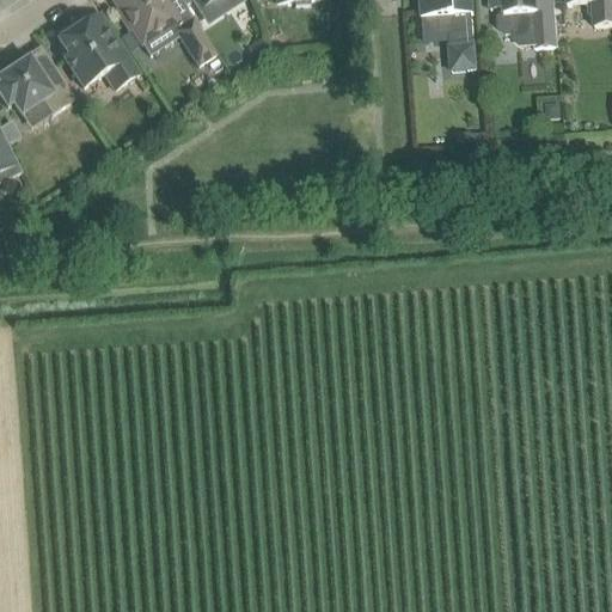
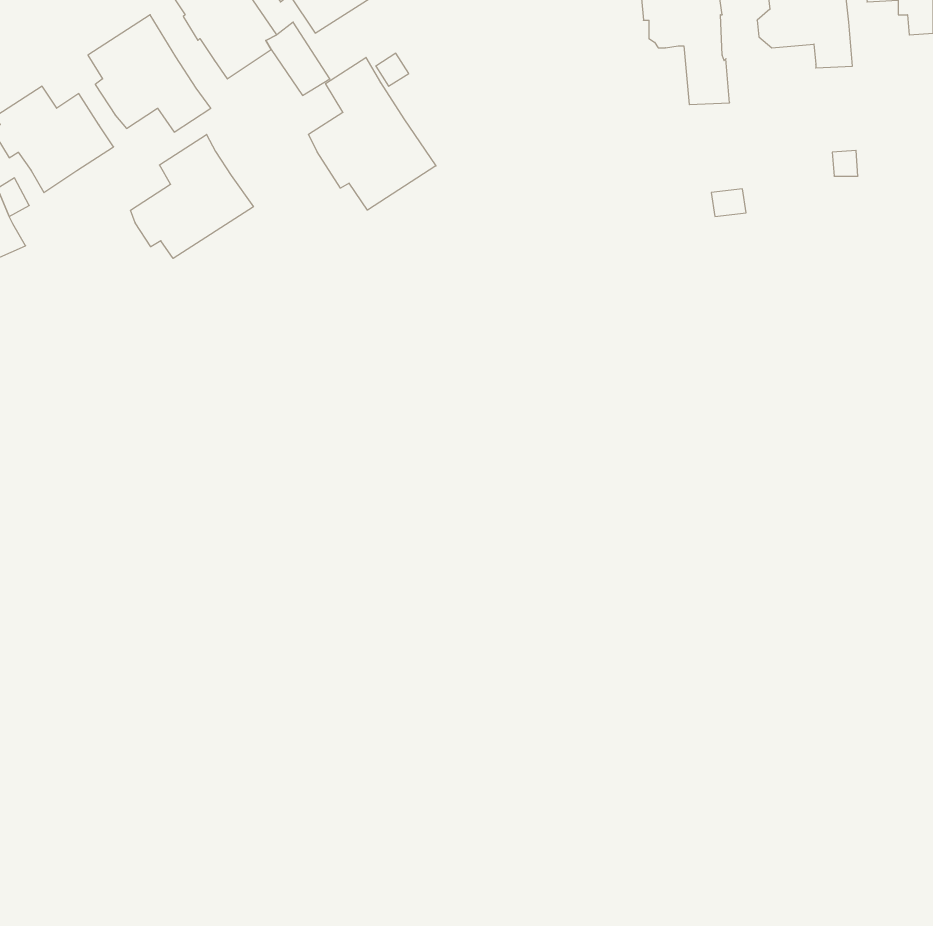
building: none -> [309,57,436,210]
building: none -> [131,134,253,258]

